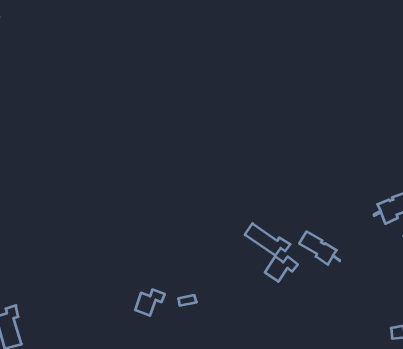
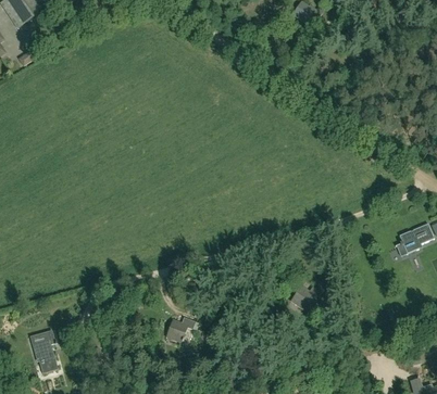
building: [245,223,290,256] -> none
building: [299,232,340,265] -> none

